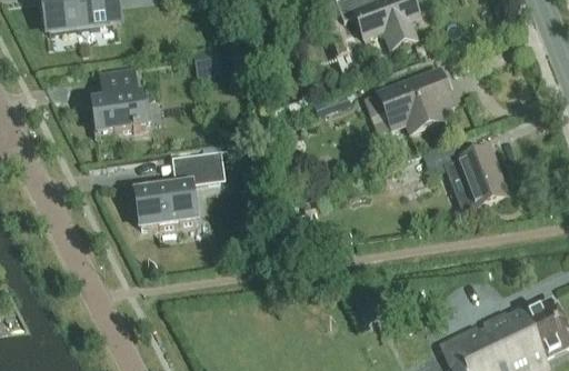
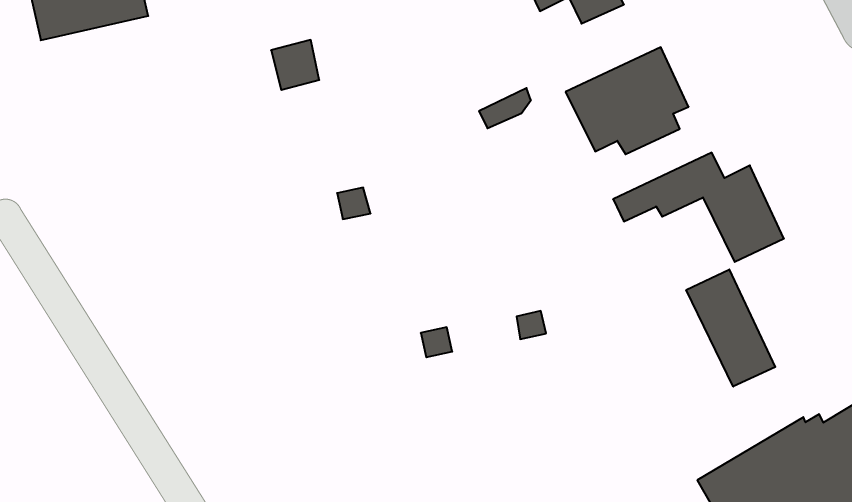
building: [91,70,149,137] -> none
building: [136,151,221,227] -> none
building: none -> [686,269,775,387]

